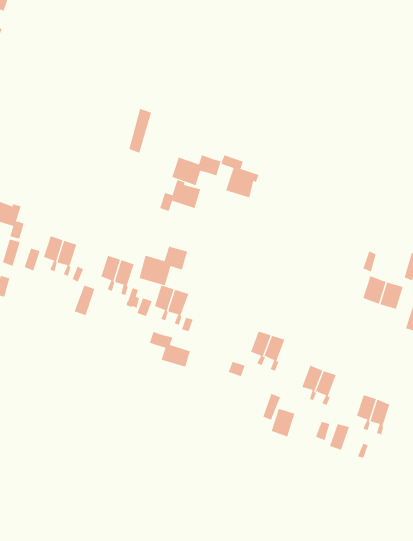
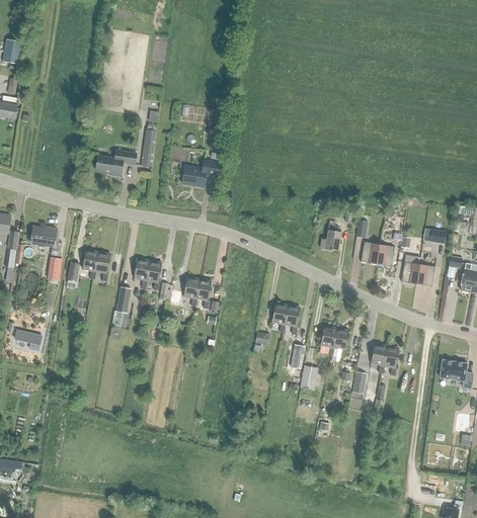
building: none -> [95,150,136,175]
building: [221,155,259,198] -> none
building: [160,179,201,212] -> none
building: [139,246,188,286] -> none
building: none -> [320,221,340,250]
building: [149,331,190,367] -> none

